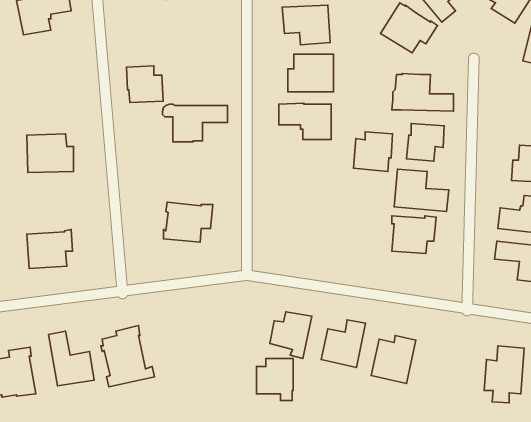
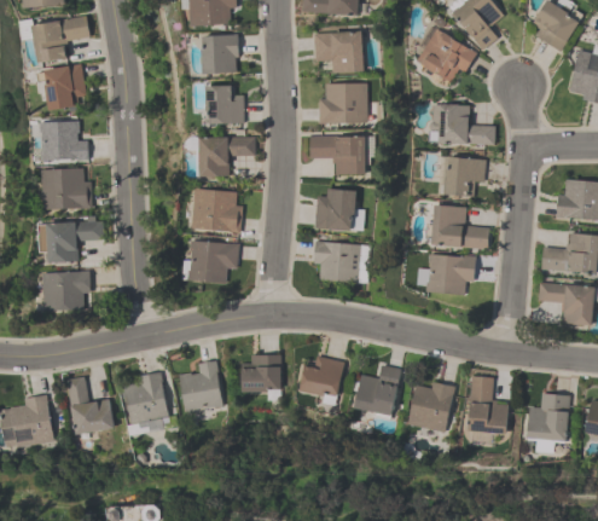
building: none -> [202,34,239,74]
building: none -> [37,64,86,110]
building: [127,66,163,102] -> [205,86,244,125]
building: none -> [40,121,88,161]
building: [354,132,392,172] -> [314,189,355,231]
building: none -> [192,189,243,232]
building: none -> [39,221,104,264]
building: none -> [314,241,361,283]
building: none -> [179,360,221,411]
building: none -> [468,376,507,447]
building: [257,358,293,401] -> [242,355,280,400]

